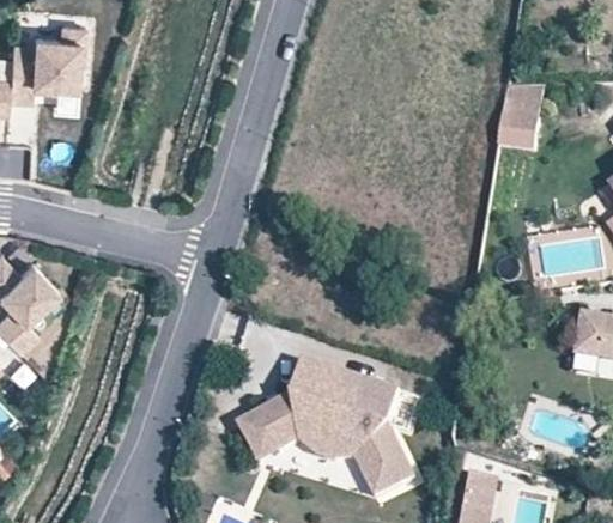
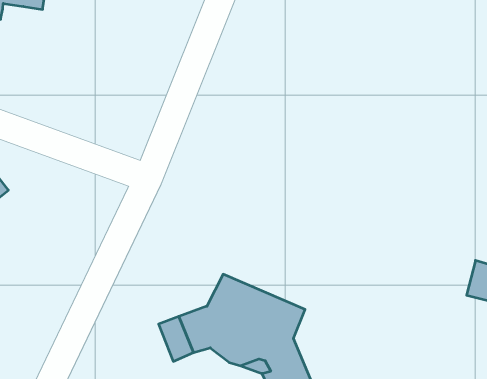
building: [497,81,540,148] -> none

